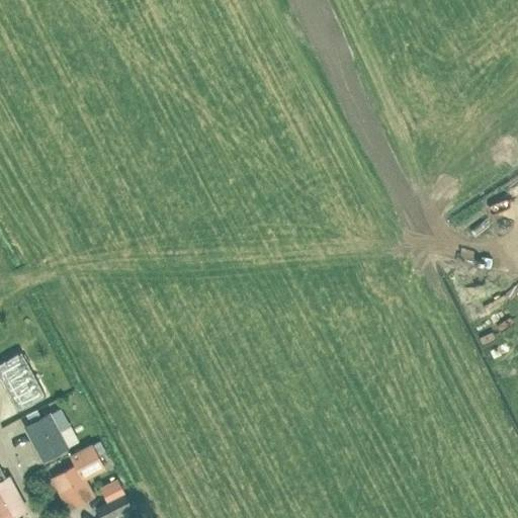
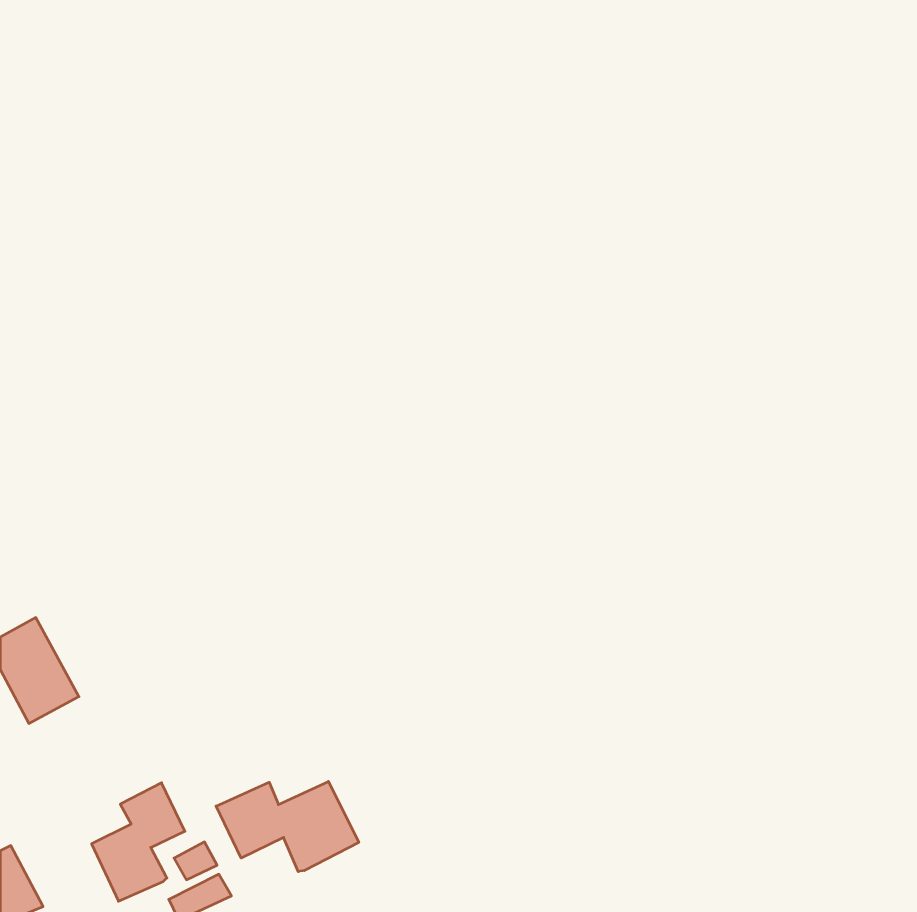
building: [25,416,67,461] -> none
building: none -> [216,781,359,872]

